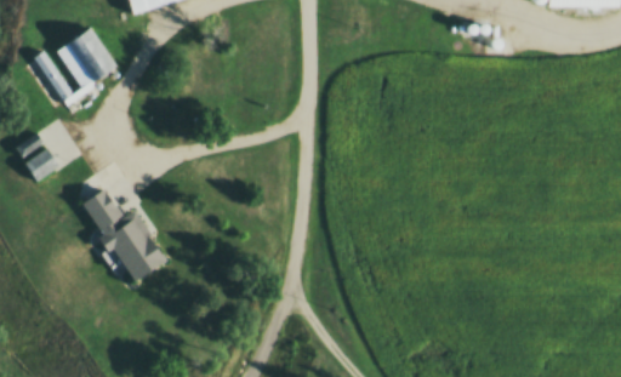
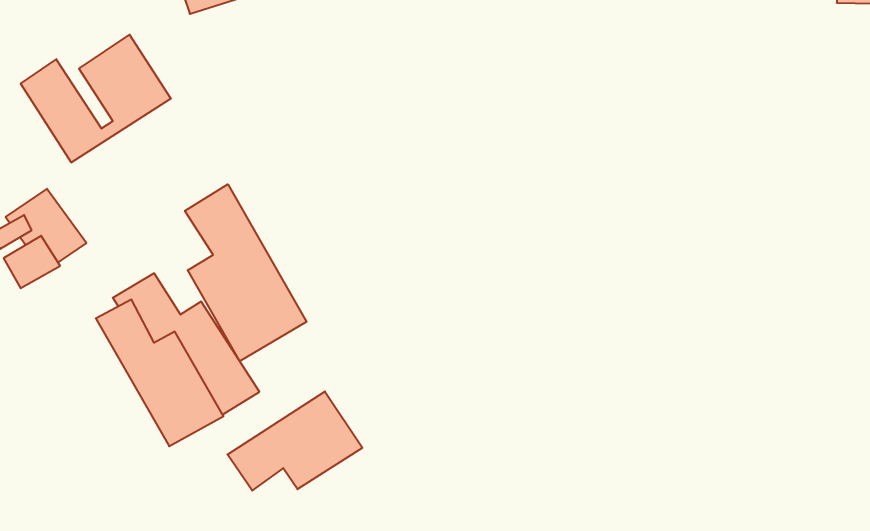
building: none -> [185,184,307,361]
building: none -> [227,391,362,491]

